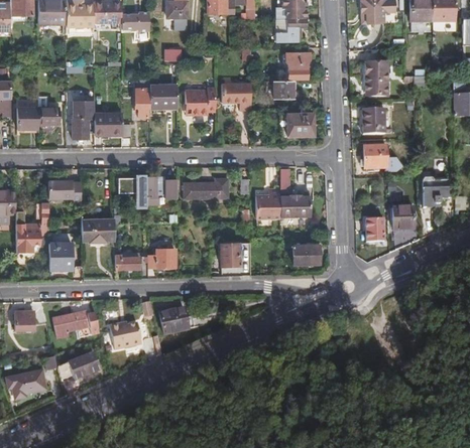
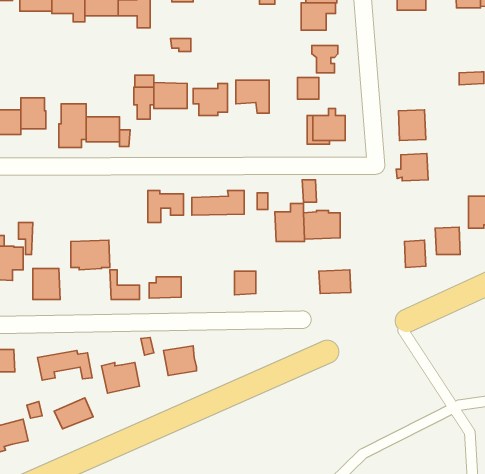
building: [363,61,386,96] -> none
building: [119,176,147,209] -> none
building: [55,180,80,203] -> none

